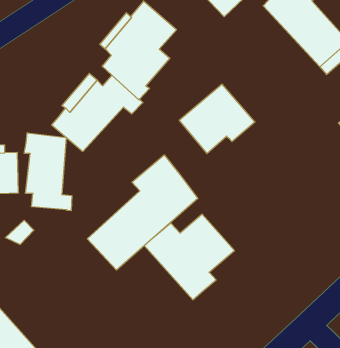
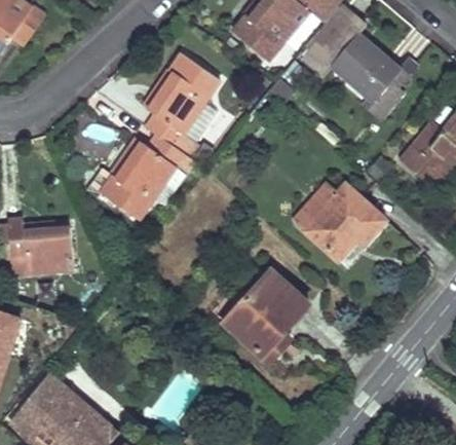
building: [179,84,255,153] -> [305,185,384,259]
building: [24,133,72,211] -> none
building: [87,155,198,270] -> none

